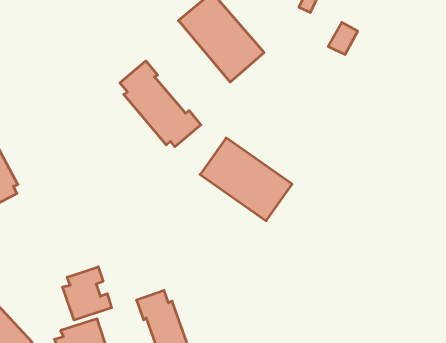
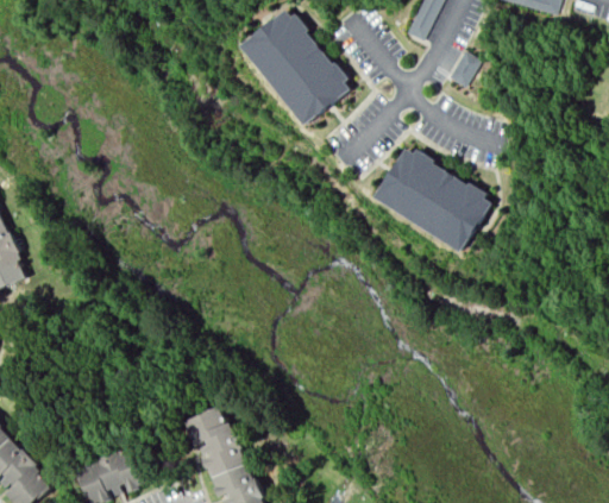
building: [120,61,201,147] -> none
building: [200,138,292,221] -> [373,137,496,247]
building: [63,267,112,320] -> none

